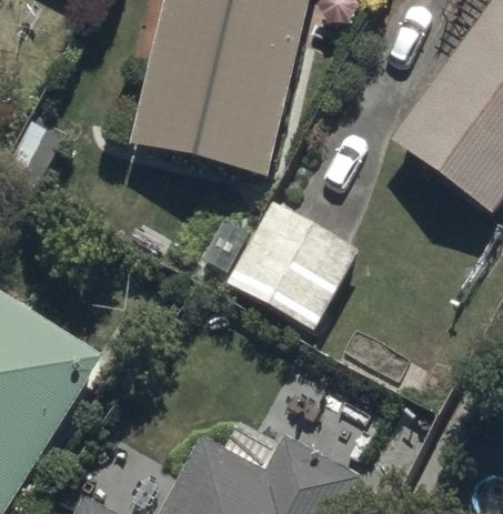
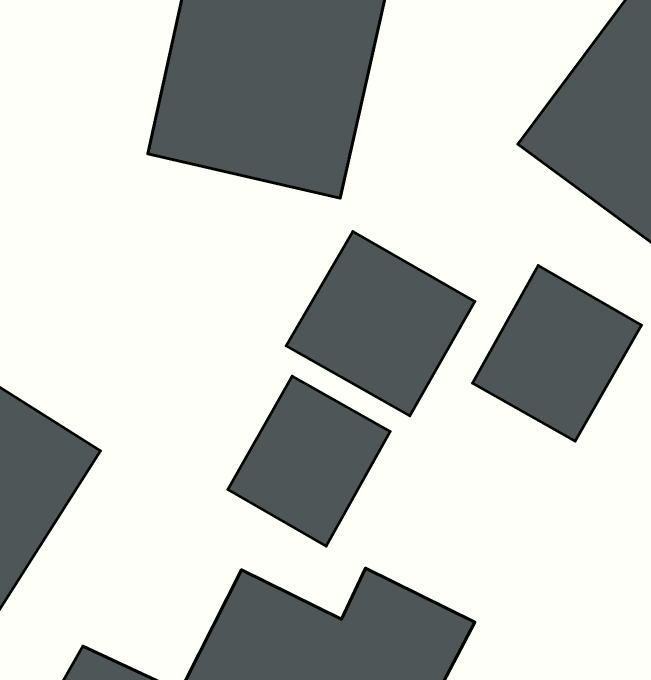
building: none -> [473,266,641,441]
building: none -> [228,376,390,546]

